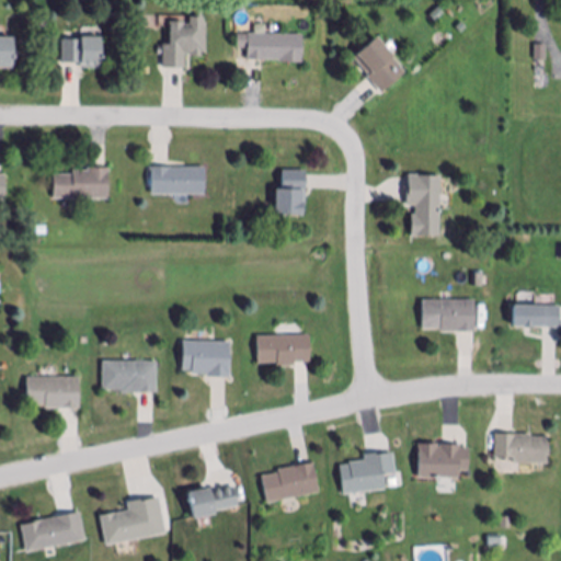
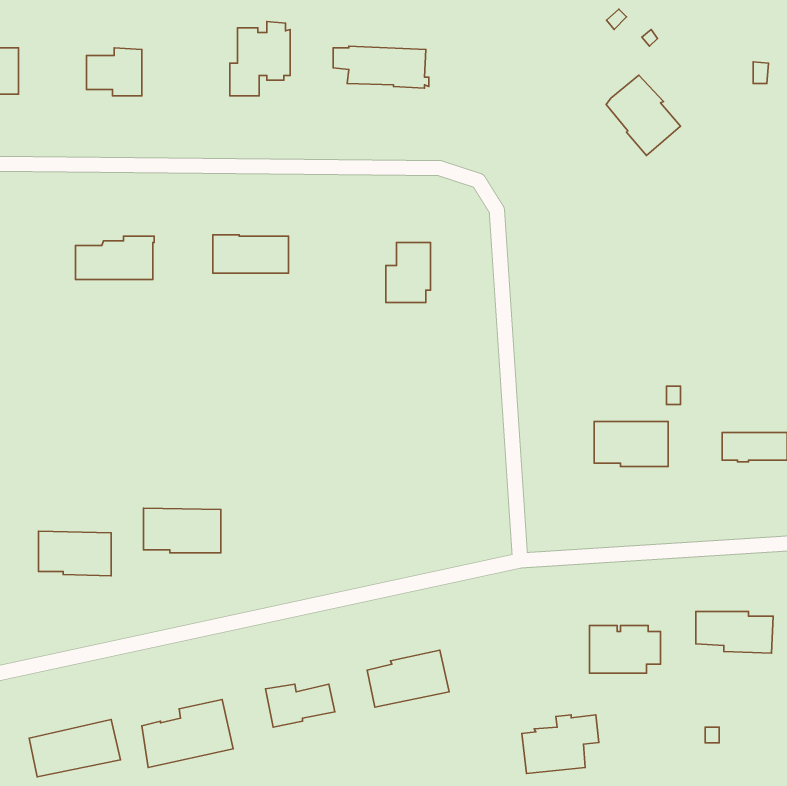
building: [354,35,407,92] -> [606,75,680,155]
building: [407,173,440,236] -> none
building: [256,333,310,365] -> none
building: [182,341,229,378] -> none
building: [340,453,394,494] -> [522,715,599,774]

